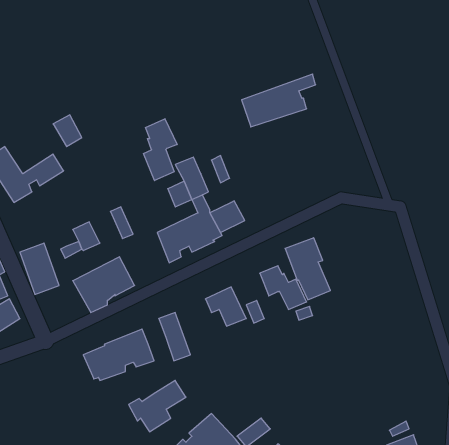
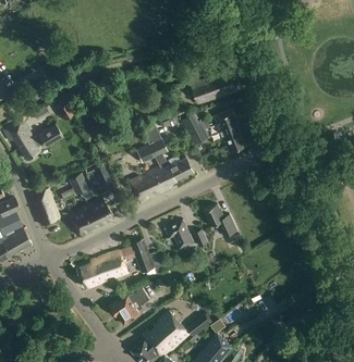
building: [144,119,177,181] -> none
building: none -> [183,113,210,145]
building: [285,238,330,300] -> [213,108,246,152]

